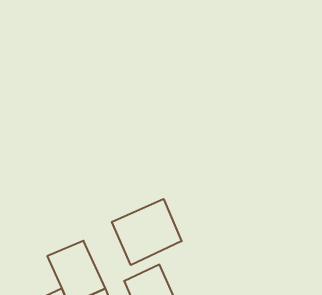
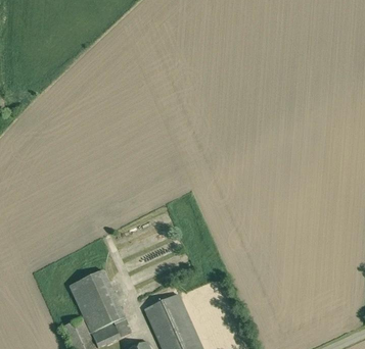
building: [112,199,182,265] -> none

